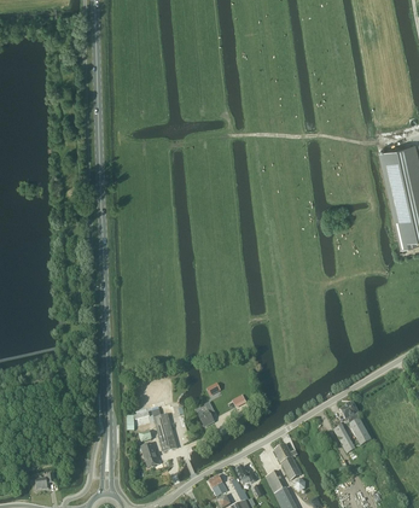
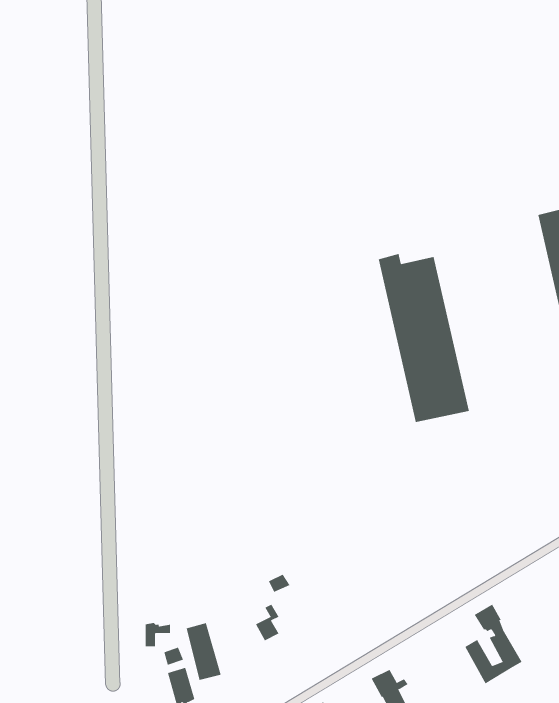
building: none -> [378,253,470,423]

